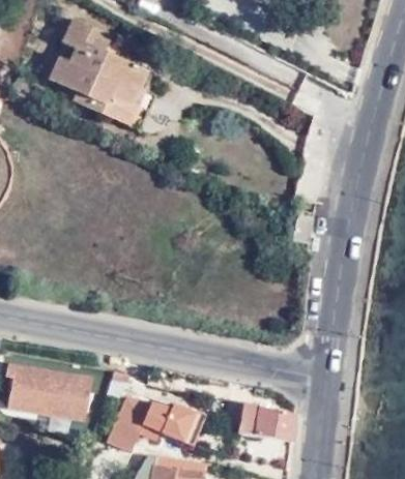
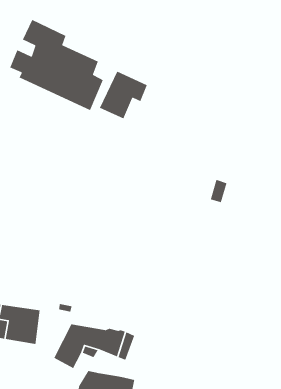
building: none -> [99,71,148,119]
building: [225,395,294,446] -> none

